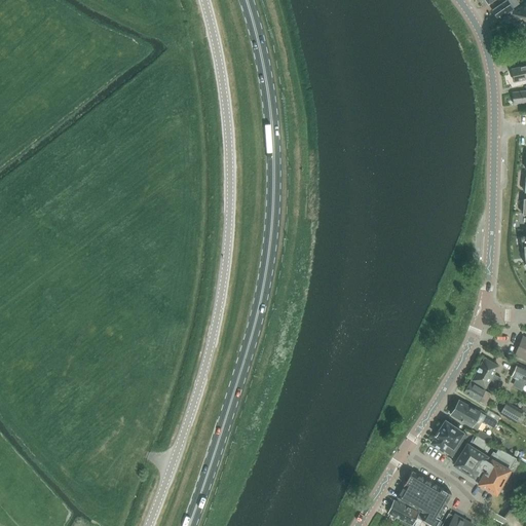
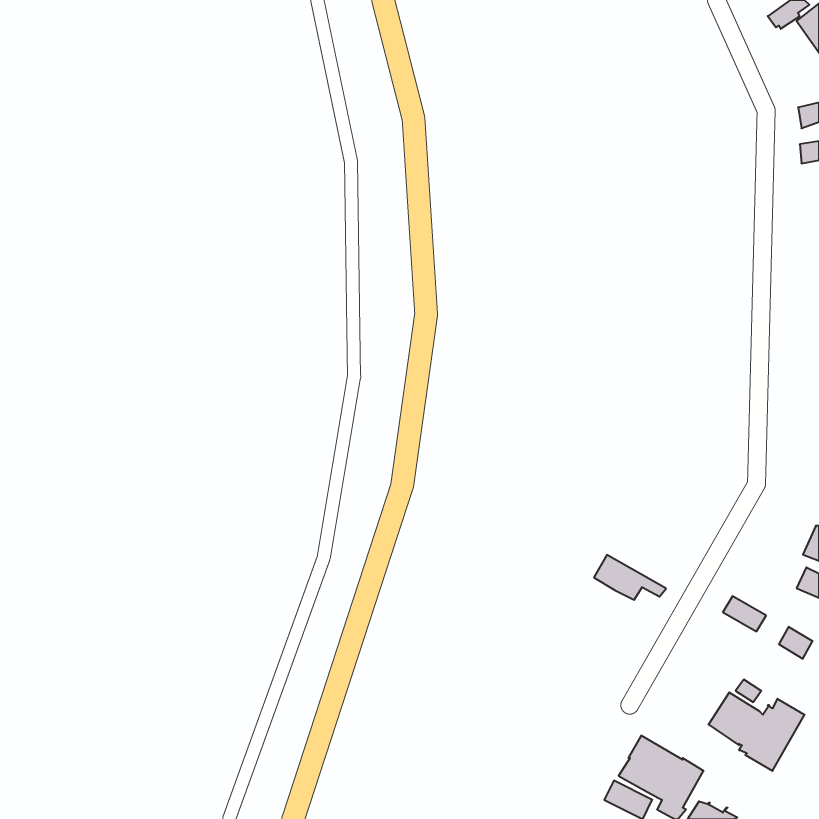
building: [471,358,499,388] -> none
building: [451,401,497,429] -> [594,555,666,600]
building: [431,421,466,457] -> none

